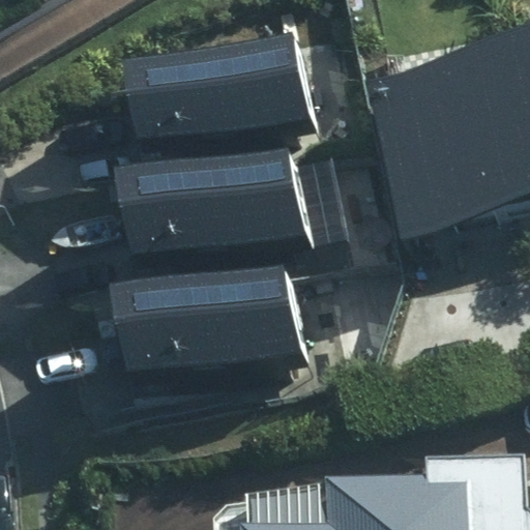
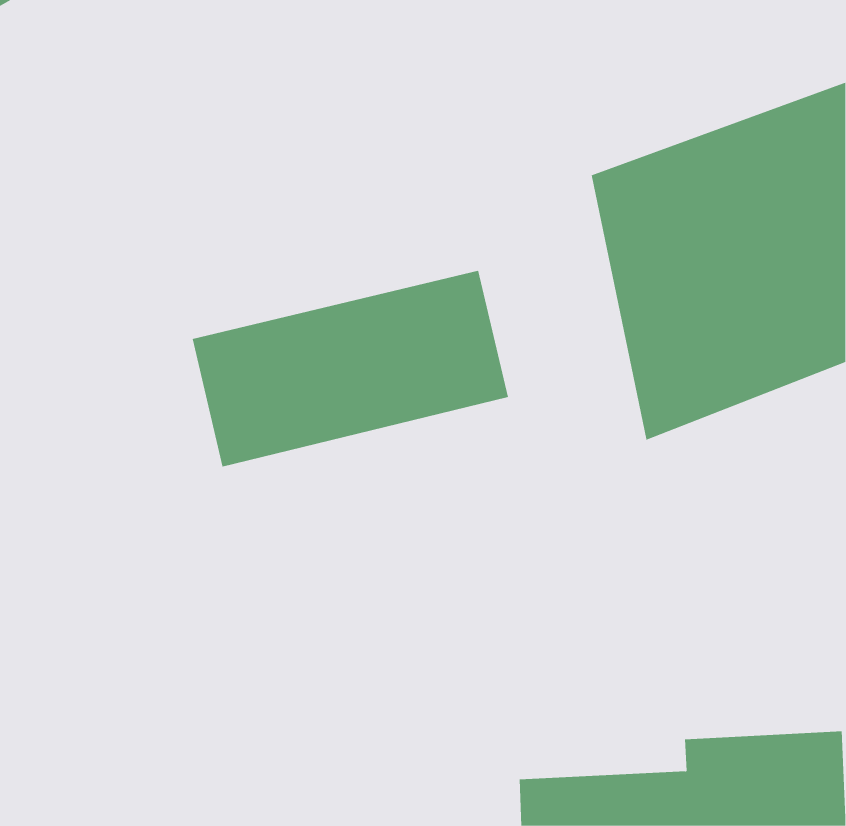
building: [122,47,324,172] -> none
building: [110,285,312,405] -> none

